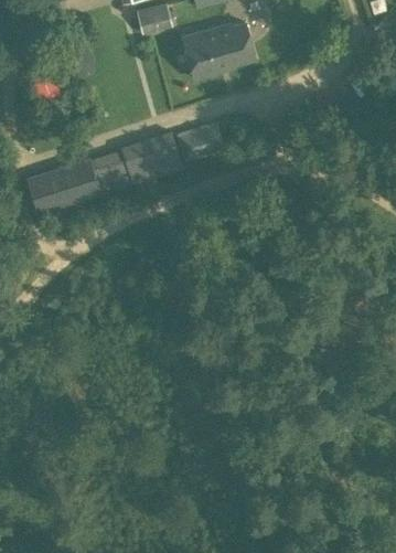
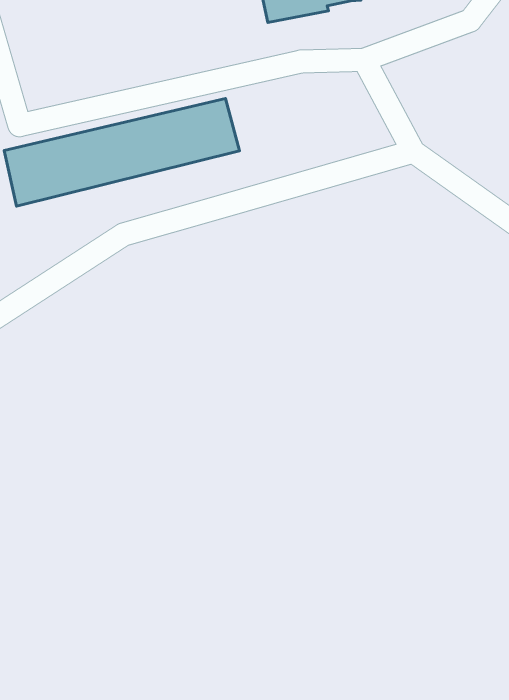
building: [178,123,225,162] -> none

